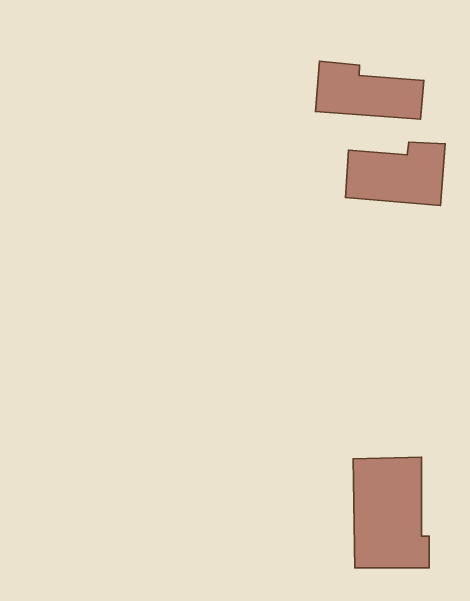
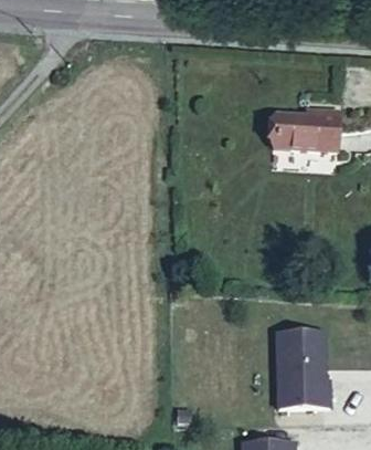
building: [316,61,424,119] -> none

